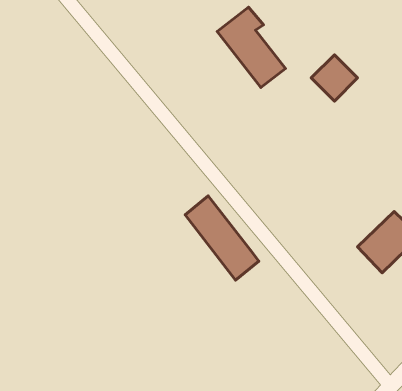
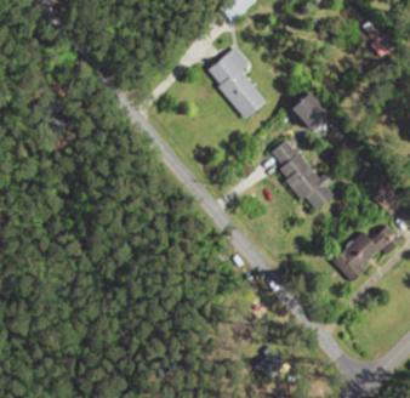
building: [185,196,259,280] -> [268,137,334,212]

